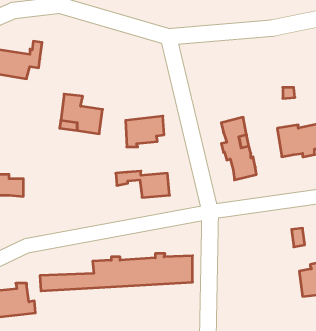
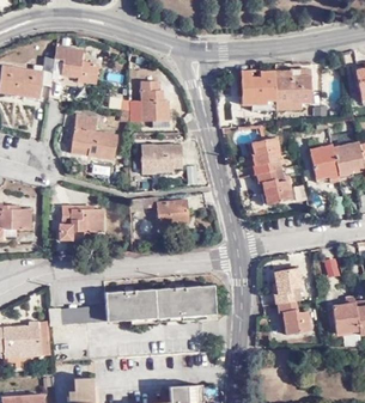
building: none -> [50,50,99,80]
building: none -> [241,69,310,110]
building: none -> [141,72,171,114]
building: none -> [61,201,104,237]
building: none -> [272,267,309,332]

